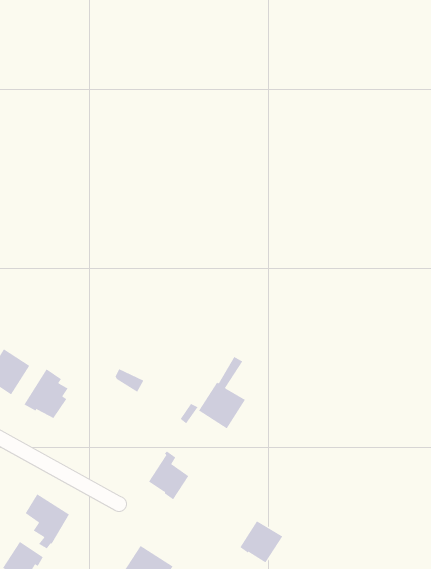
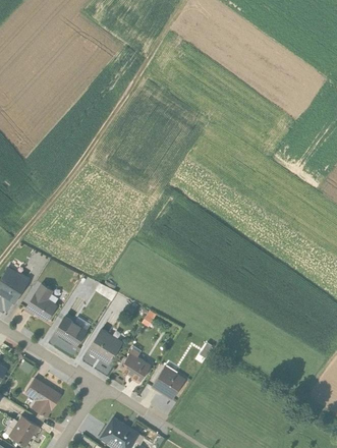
building: [198,356,246,429] -> [87,310,123,366]
building: none -> [53,316,90,348]
building: [239,521,283,563] -> [152,367,185,399]

